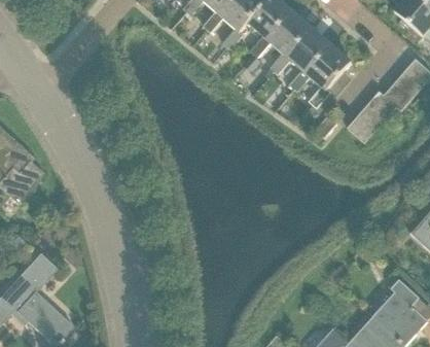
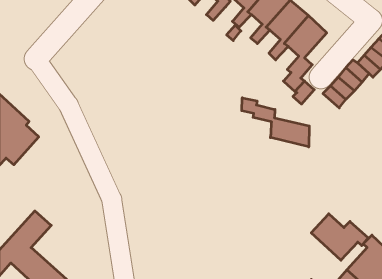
building: none -> [242,98,309,147]
building: none -> [311,214,368,260]

